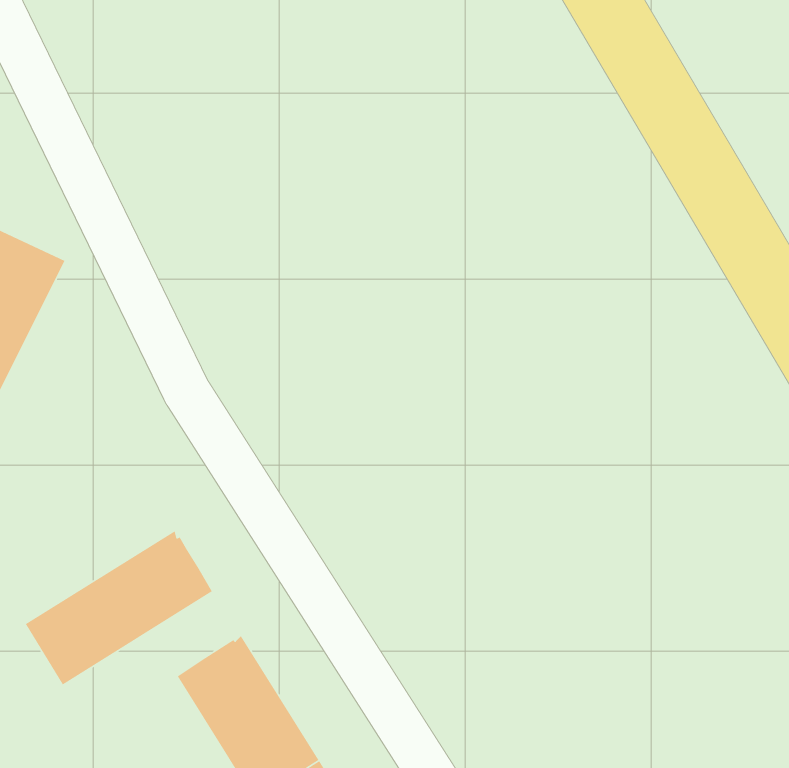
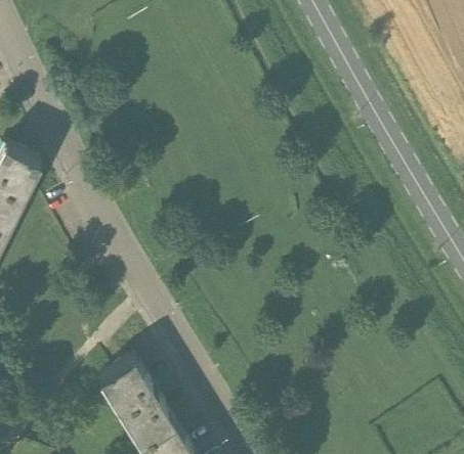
building: [25,530,213,685] -> none

